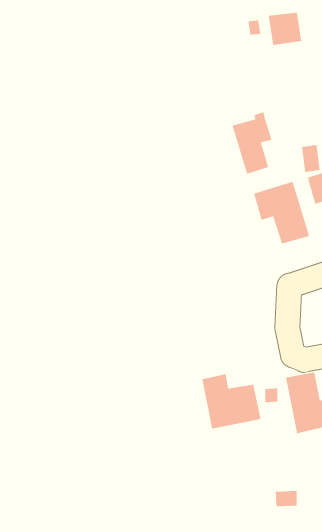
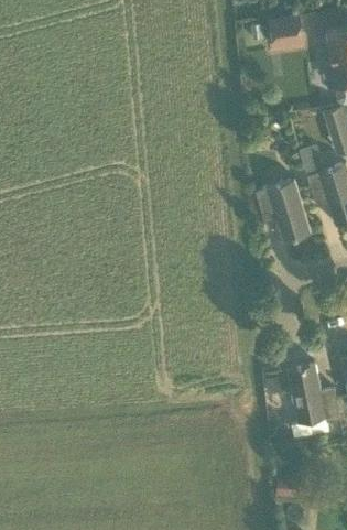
building: [231,111,272,175] -> none
building: [202,372,262,429] -> none

